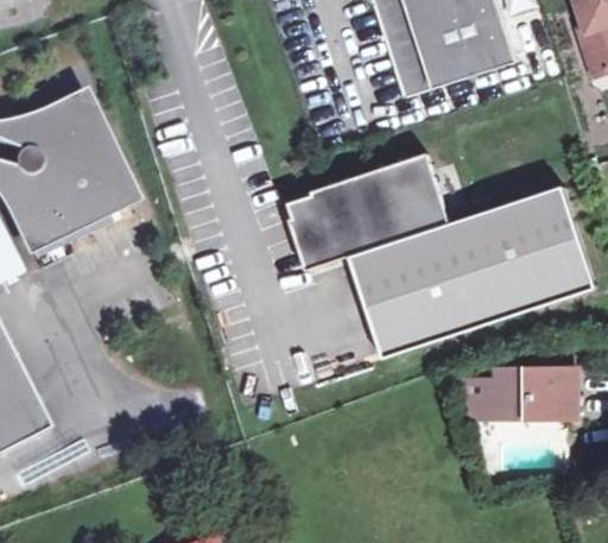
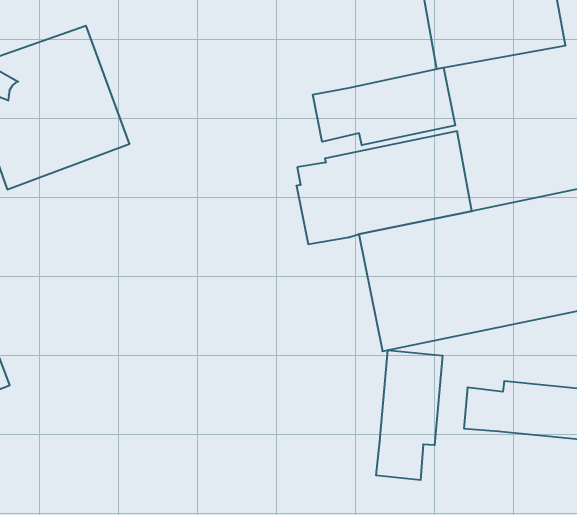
building: none -> [313,68,455,145]
building: none -> [376,350,443,480]

